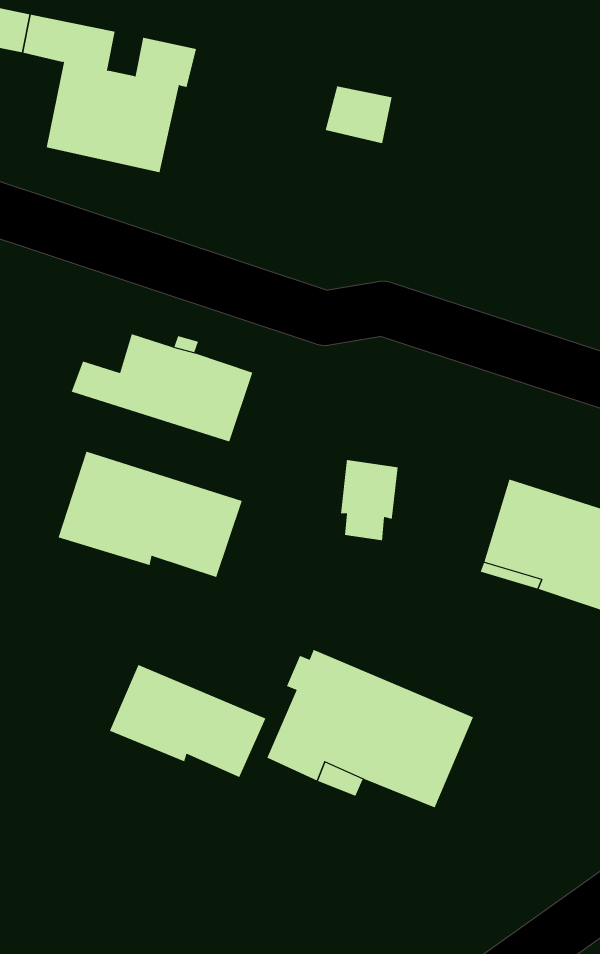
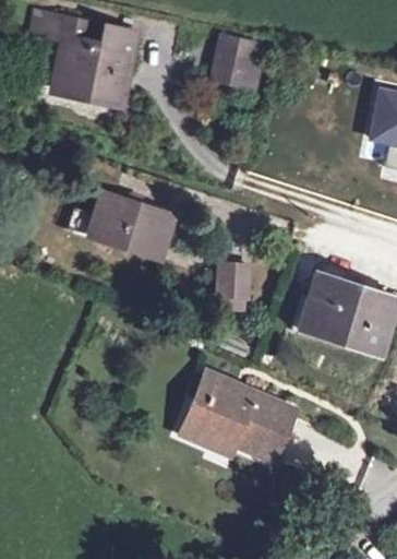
building: none -> [219,35,266,88]
building: [58,451,243,578] -> none
building: [109,664,266,778] -> none

